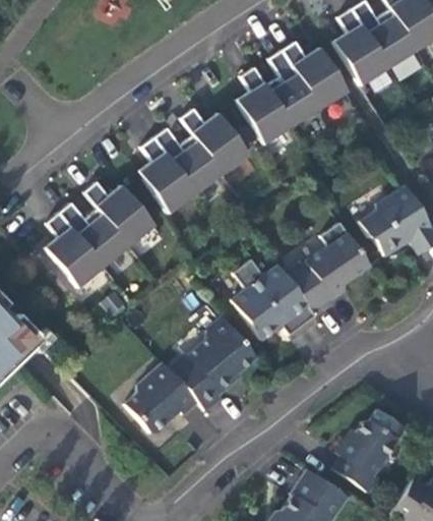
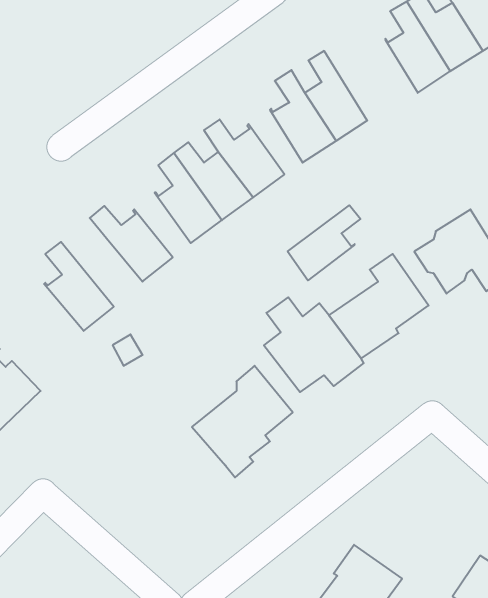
building: [283,41,348,109] -> none
building: none -> [288,205,360,280]
building: [60,202,129,267] -> none
building: [125,362,199,433] -> none
building: [335,419,398,491] -> none

